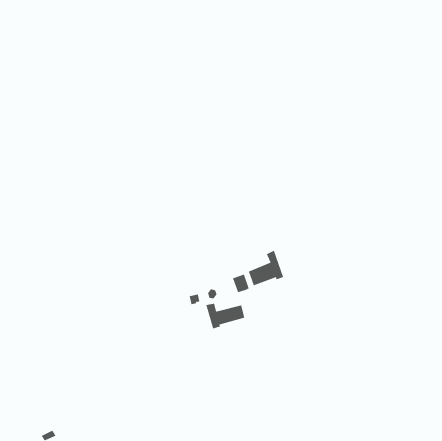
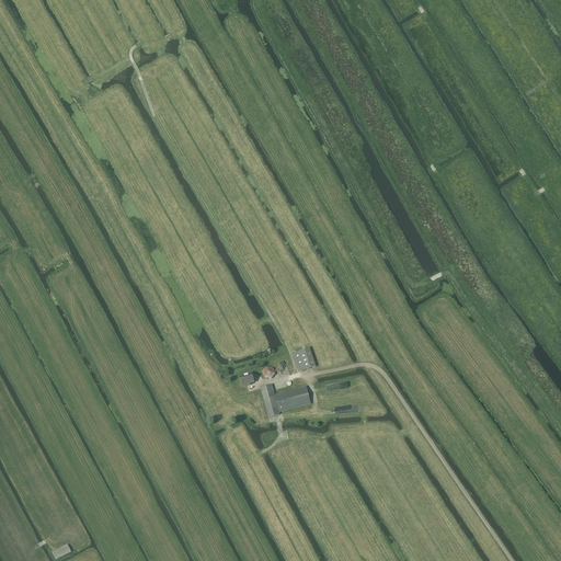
building: [248,250,284,286] -> none

